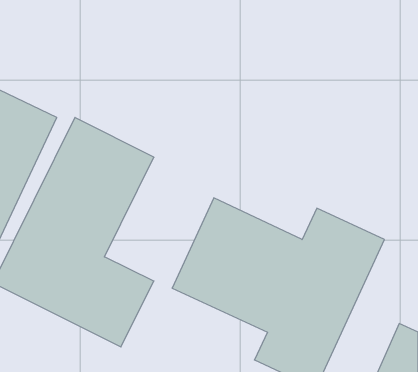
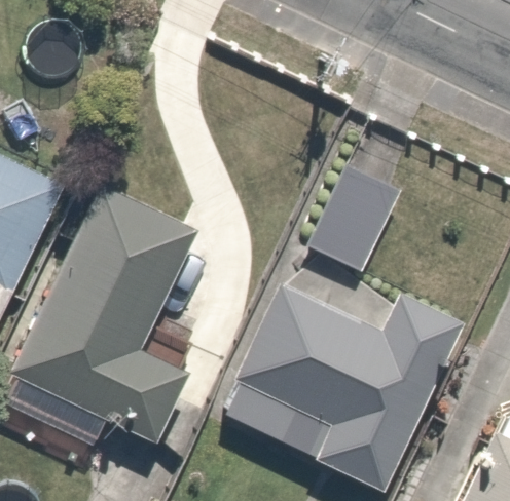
building: none -> [290,155,406,276]

